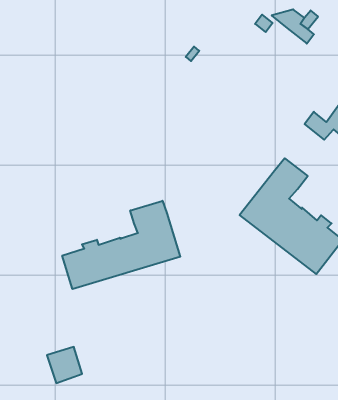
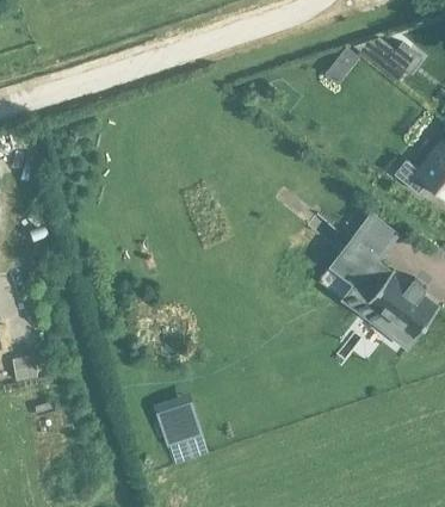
building: [62,201,180,289] -> none
building: [47,347,82,383] -> [157,403,198,445]

